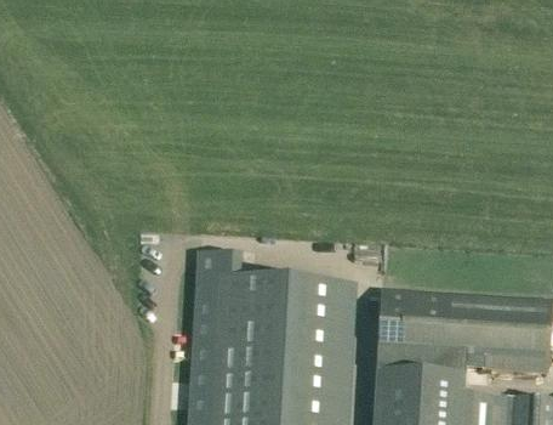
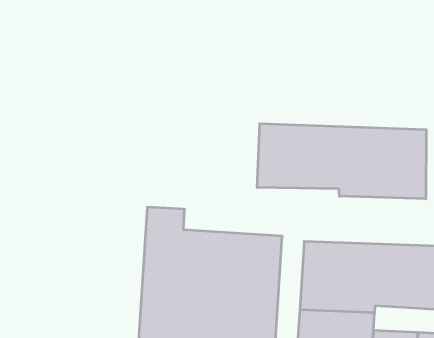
building: none -> [257,124,426,199]

